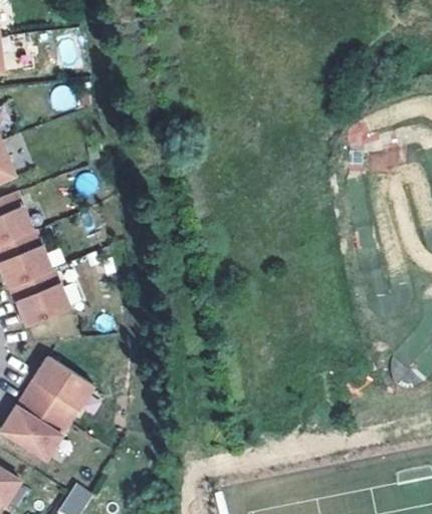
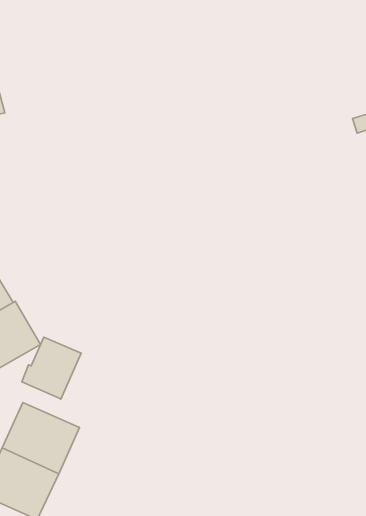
building: none -> [22,337,81,399]

